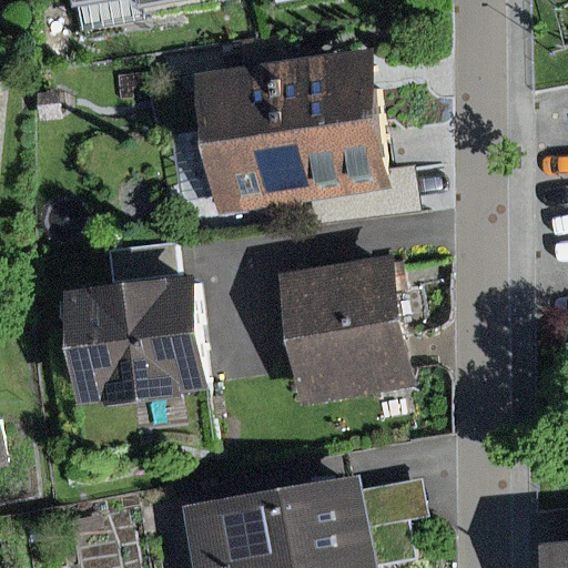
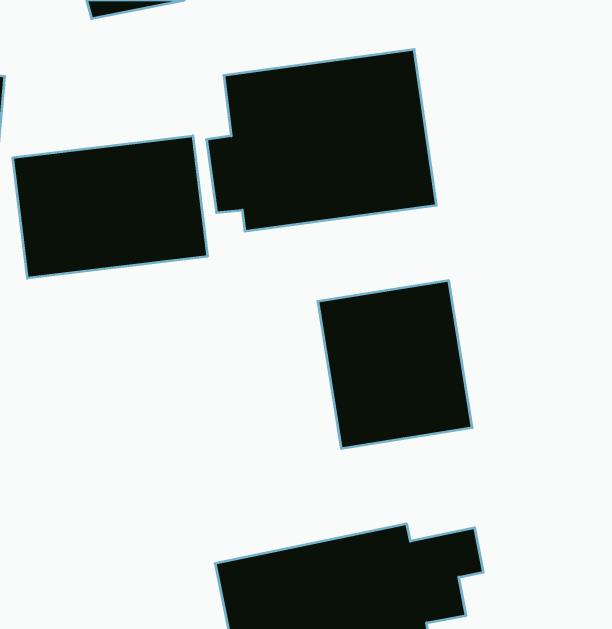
building: none -> [13,136,207,278]
building: [75,277,216,400] -> none

